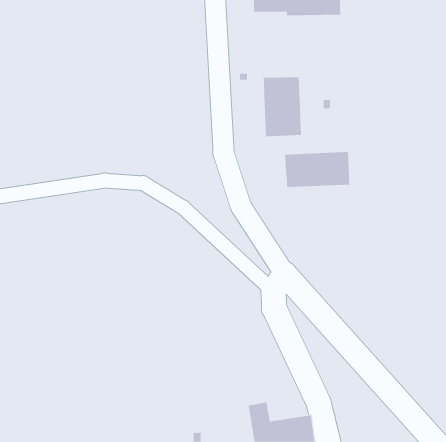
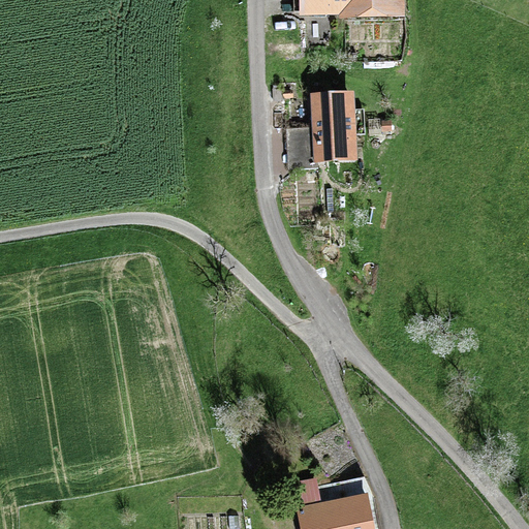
building: [285,151,350,188] -> none

